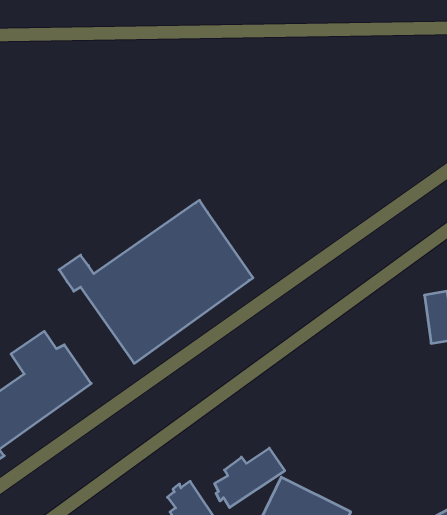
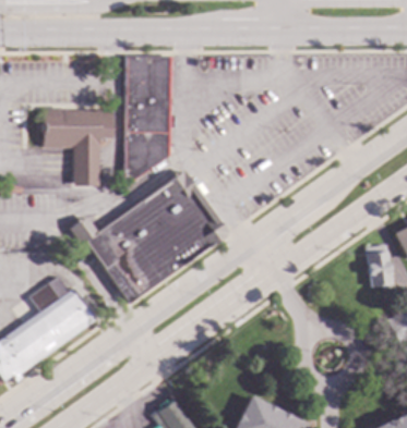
building: none -> [127,56,167,182]
building: none -> [45,108,112,186]
building: [215,448,285,508] -> none

